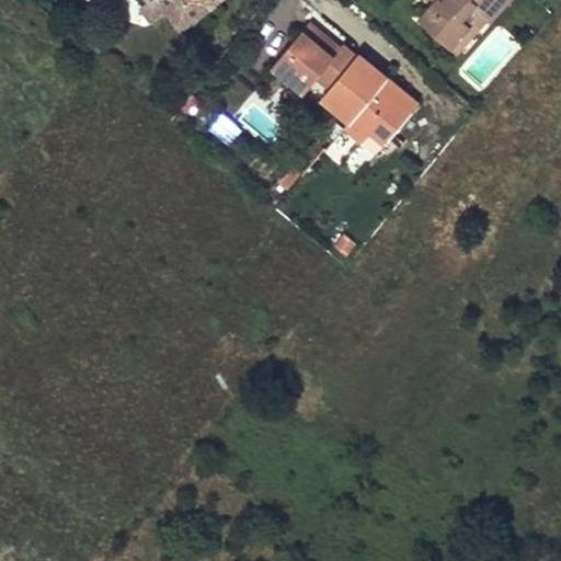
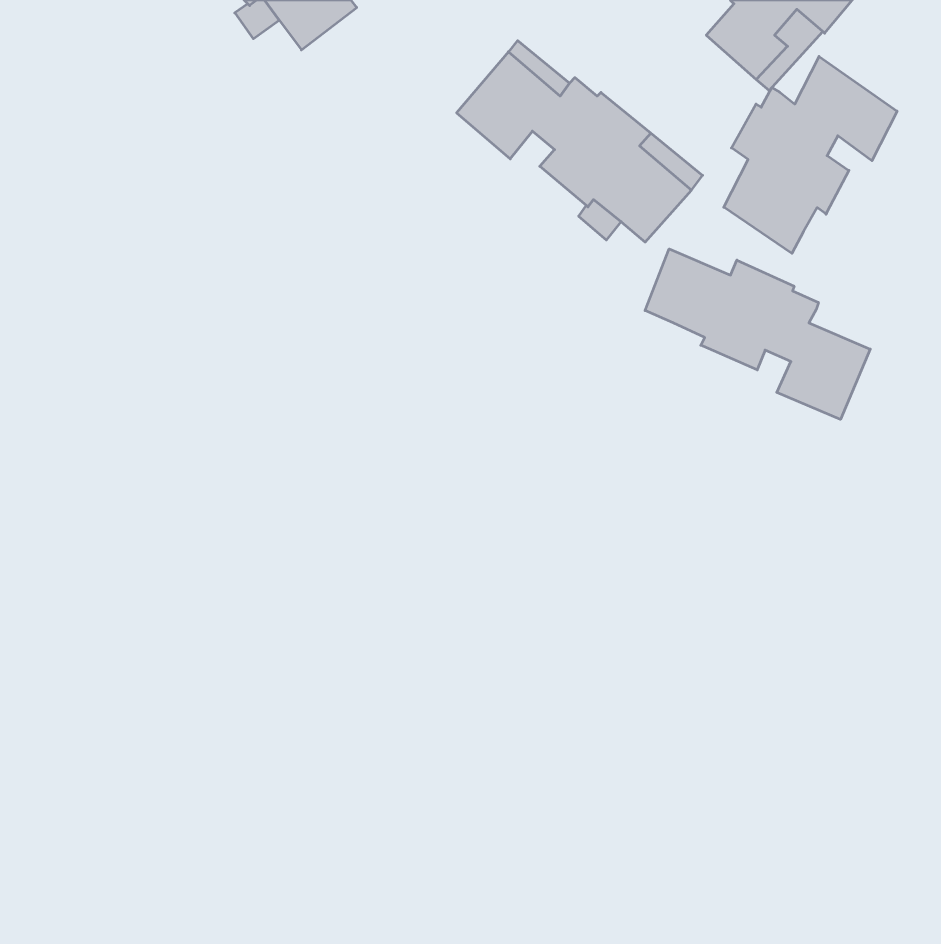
building: none -> [724,56,897,253]
building: none -> [645,249,870,419]

